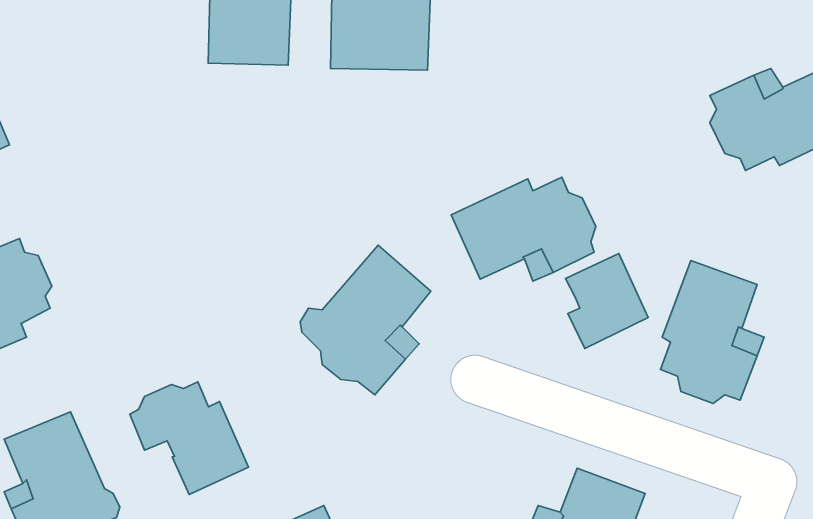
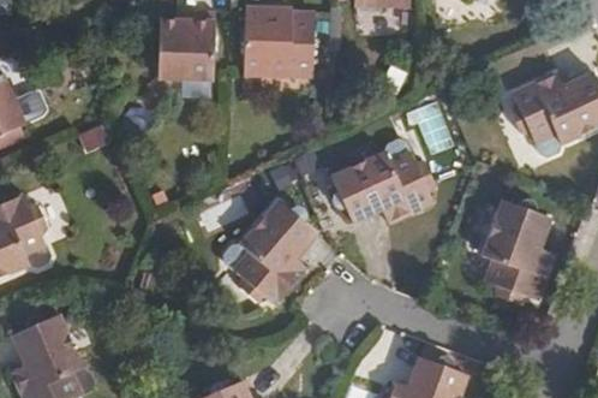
building: [565,254,648,348] -> none
building: [130,382,248,494] -> none

